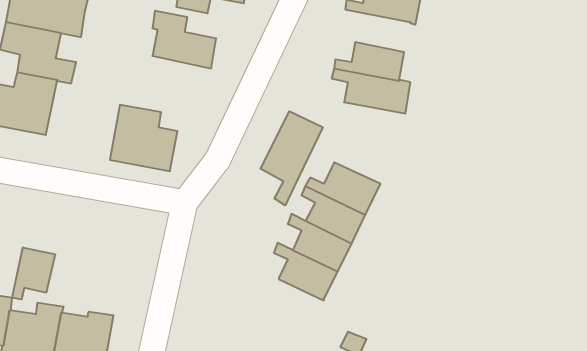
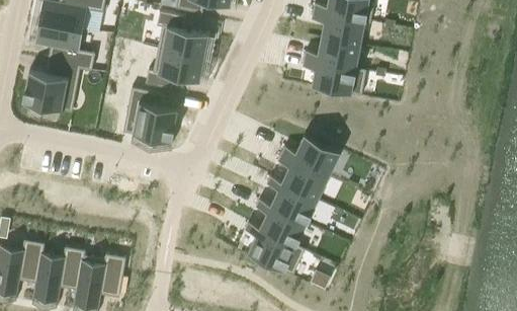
building: none -> [311,11,365,46]
building: none -> [145,49,204,89]
building: [260,111,323,205] -> none
building: [12,247,55,299] -> none
building: none -> [244,223,305,276]

